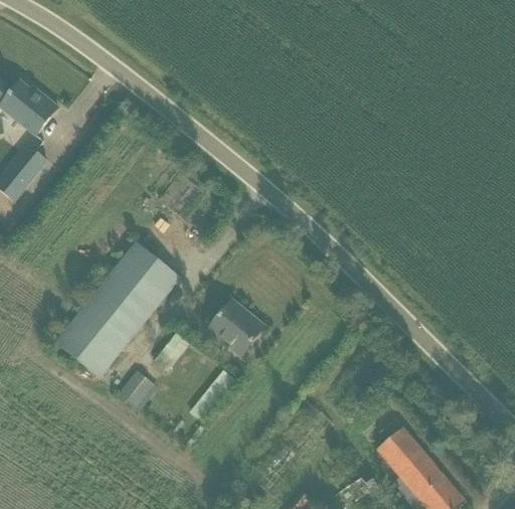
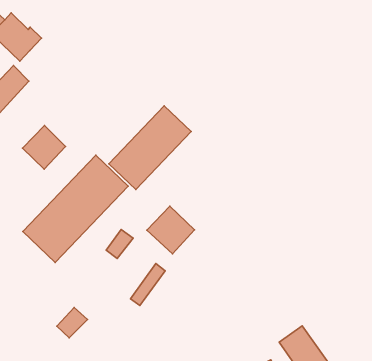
building: none -> [109,106,191,190]
building: none -> [22,126,65,169]
building: [118,370,154,407] -> [57,308,87,338]

